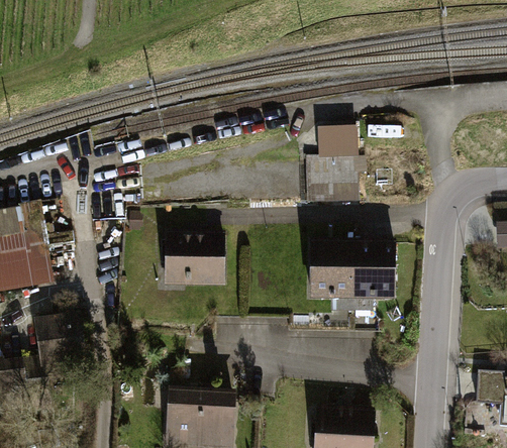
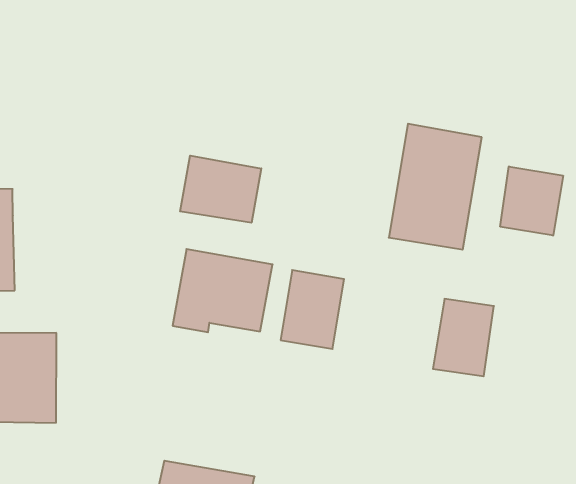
building: none -> [500,166,563,236]
building: none -> [180,156,261,223]
building: [315,244,354,297] -> [281,270,344,349]

